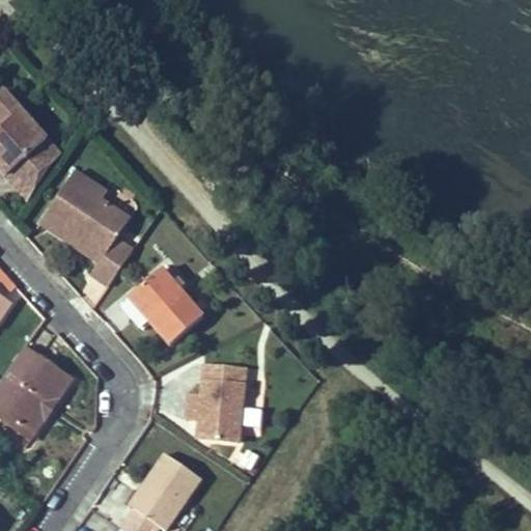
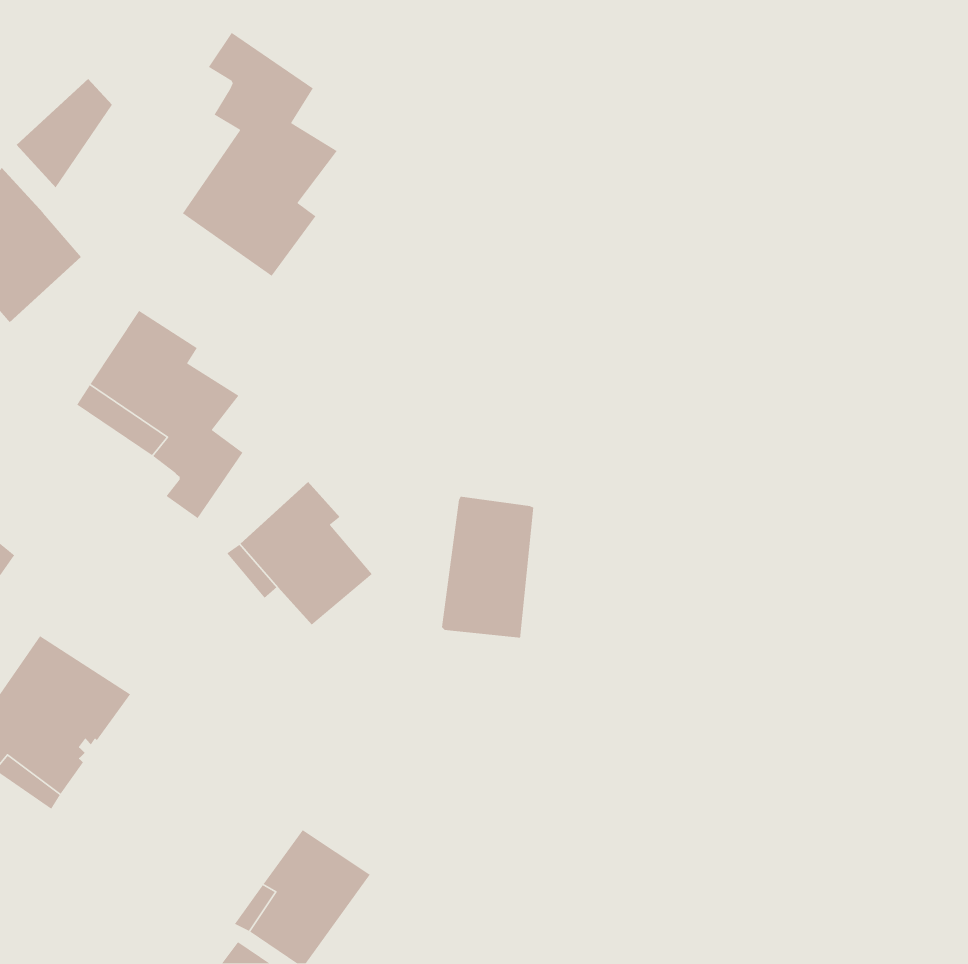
building: none -> [182,32,338,277]
building: [5,140,58,200] -> [16,78,113,189]
building: [195,364,246,442] -> [441,496,534,638]

